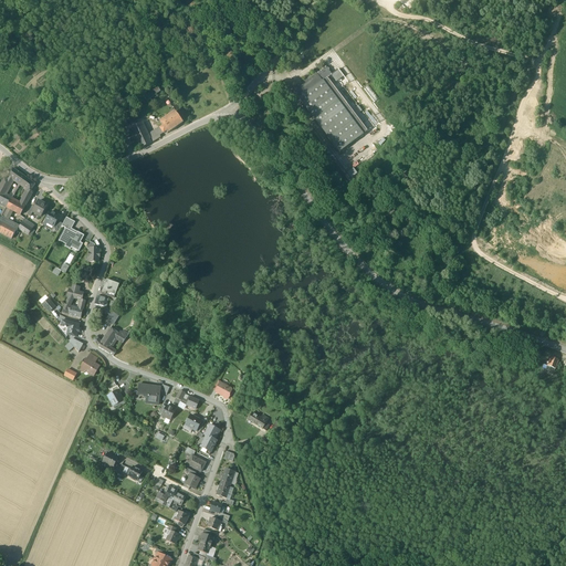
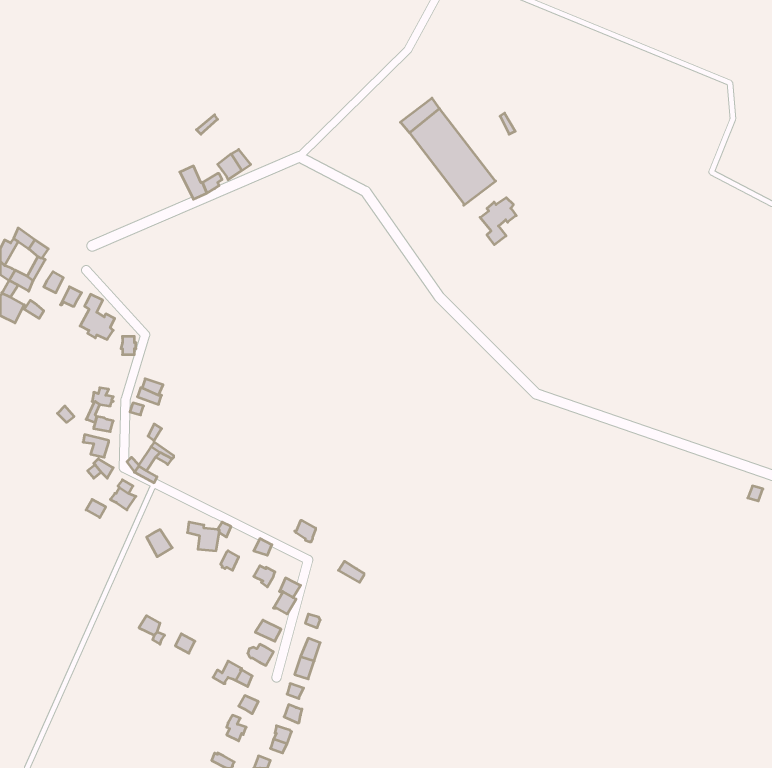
building: none -> [480,198,516,245]

